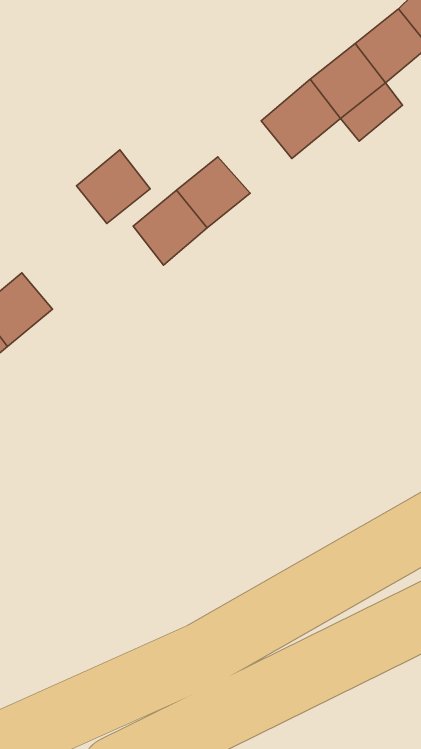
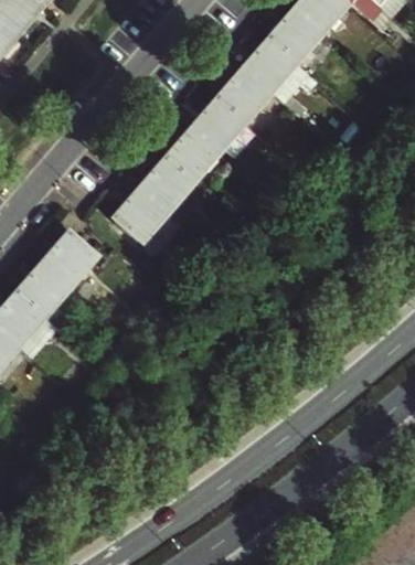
building: none -> [189,102,240,152]
building: [76,150,150,223] -> [114,189,164,241]

